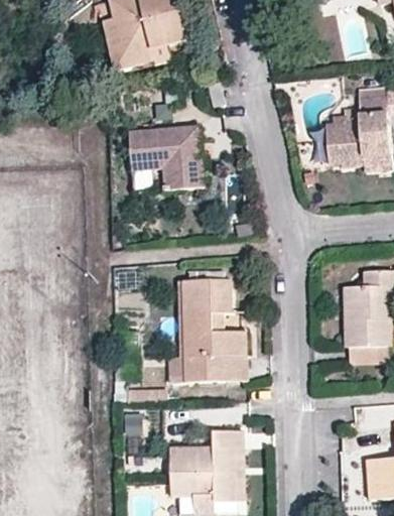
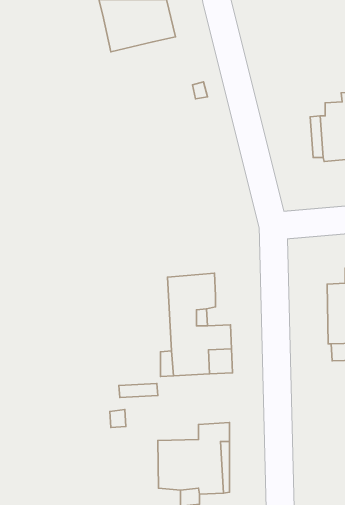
building: [106,16,169,67] -> none
building: [128,123,202,187] -> none

